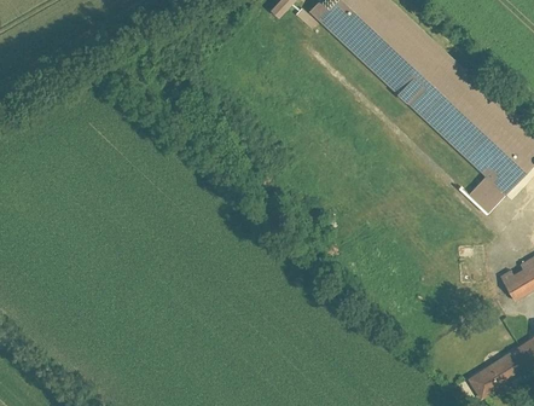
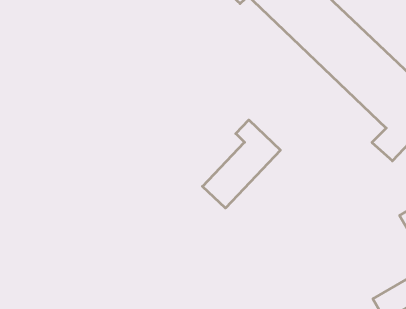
building: none -> [202,120,280,208]

